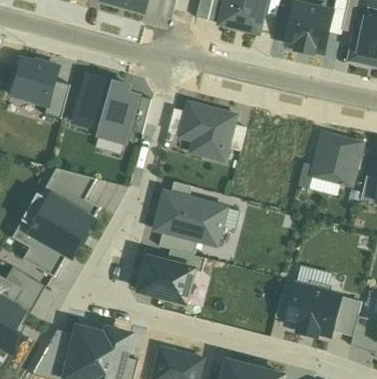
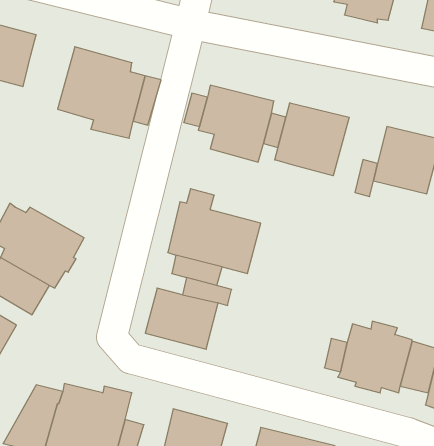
building: [45,80,69,118] -> none
building: none -> [275,103,349,176]
building: [41,167,101,219] -> none

